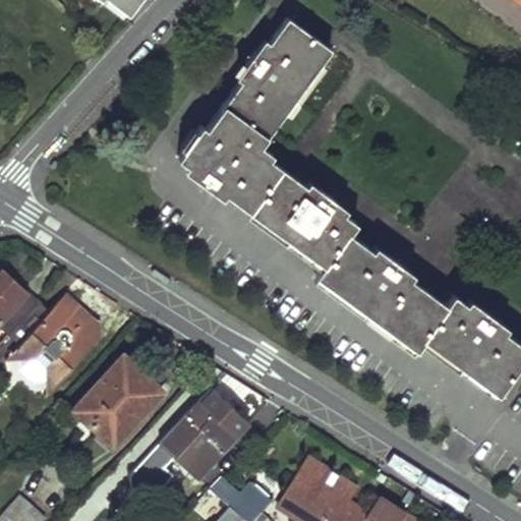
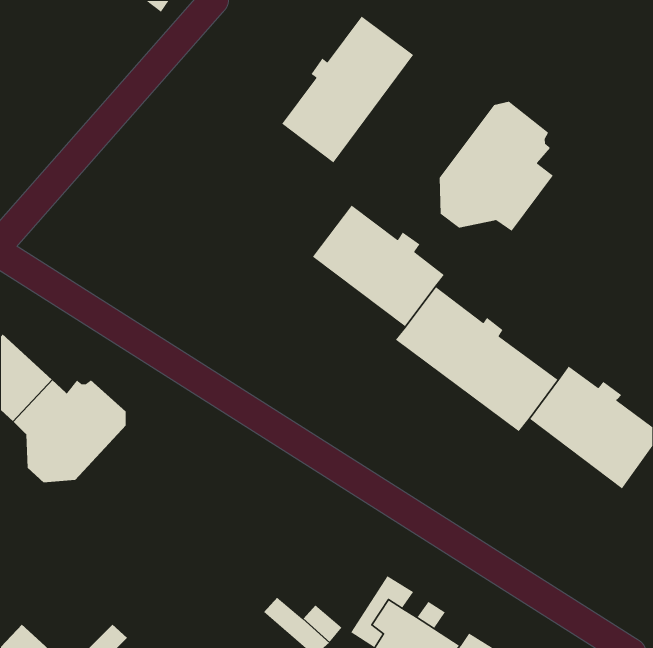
building: none -> [439,101,554,232]
building: [178,103,280,209] -> none
building: [79,361,162,449] -> none
building: [154,394,246,487] -> none

